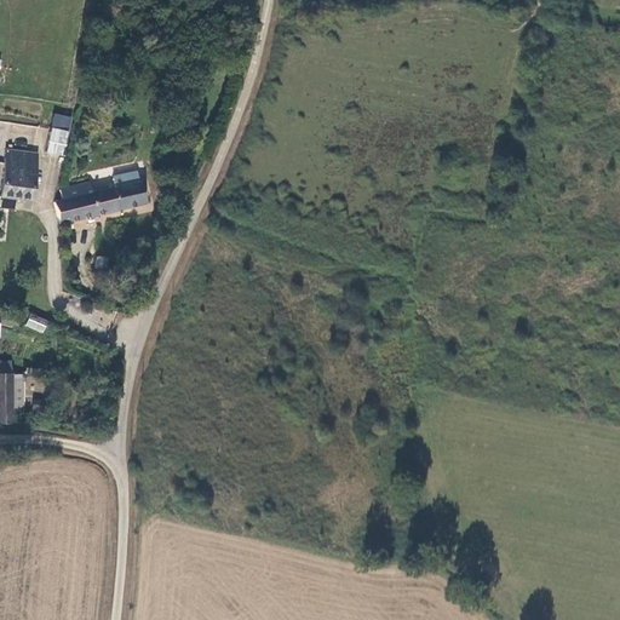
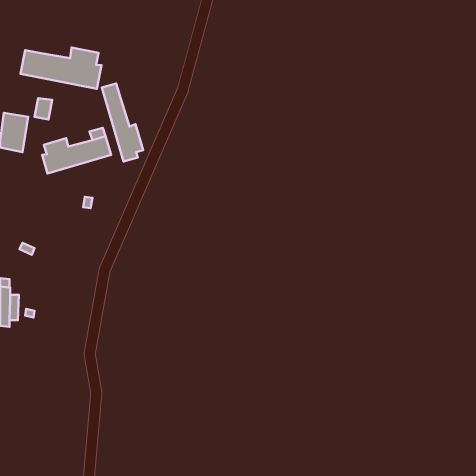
building: none -> [20,48,102,89]
building: none -> [102,83,143,162]

